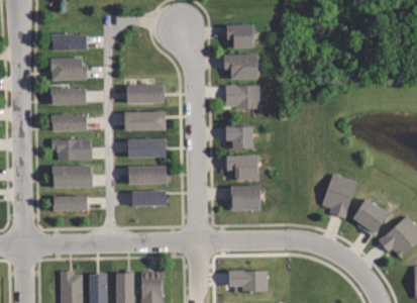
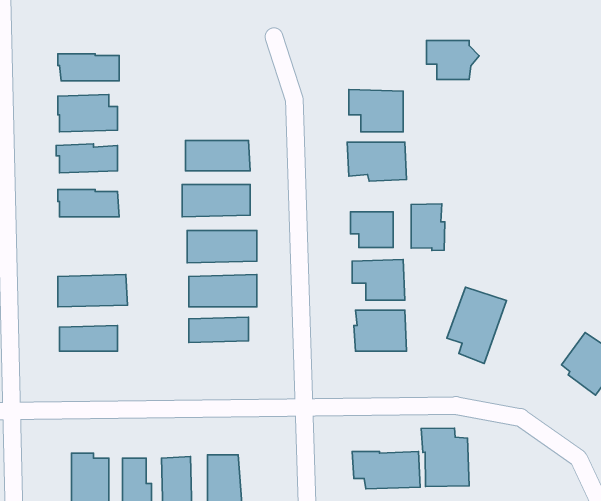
building: [227,25,258,48] -> [427,40,479,80]
building: none -> [411,204,445,250]
building: [59,143,94,160] -> none
building: [322,174,357,219] -> [447,287,506,364]
building: none -> [421,428,469,487]

